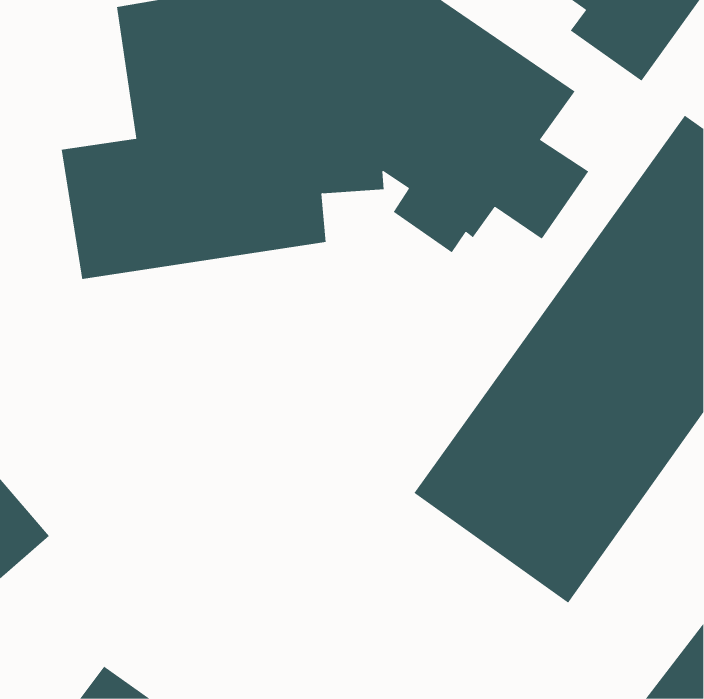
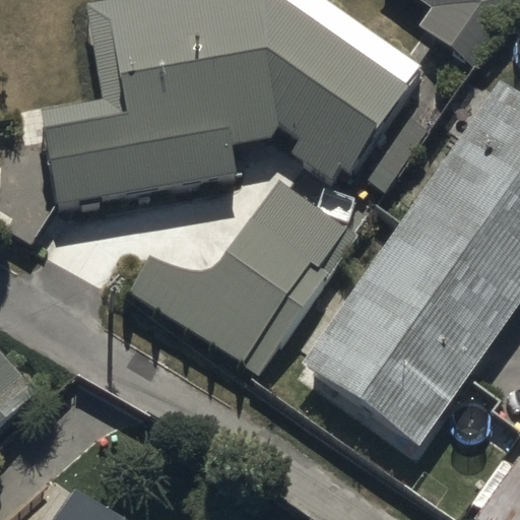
building: none -> [129,180,360,374]

